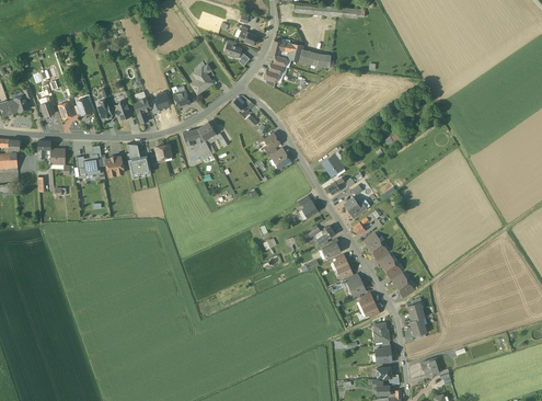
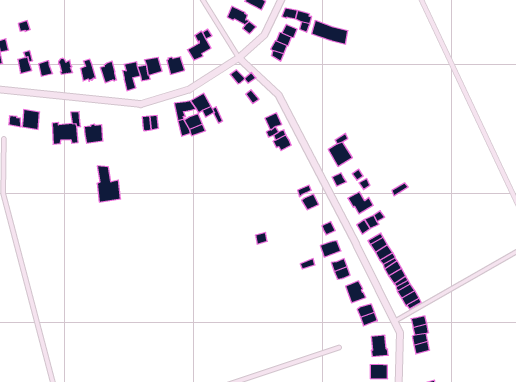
building: [127,145,150,176] -> [97,166,121,202]

